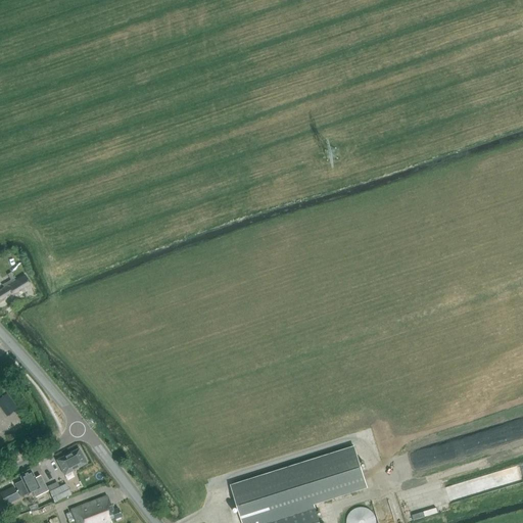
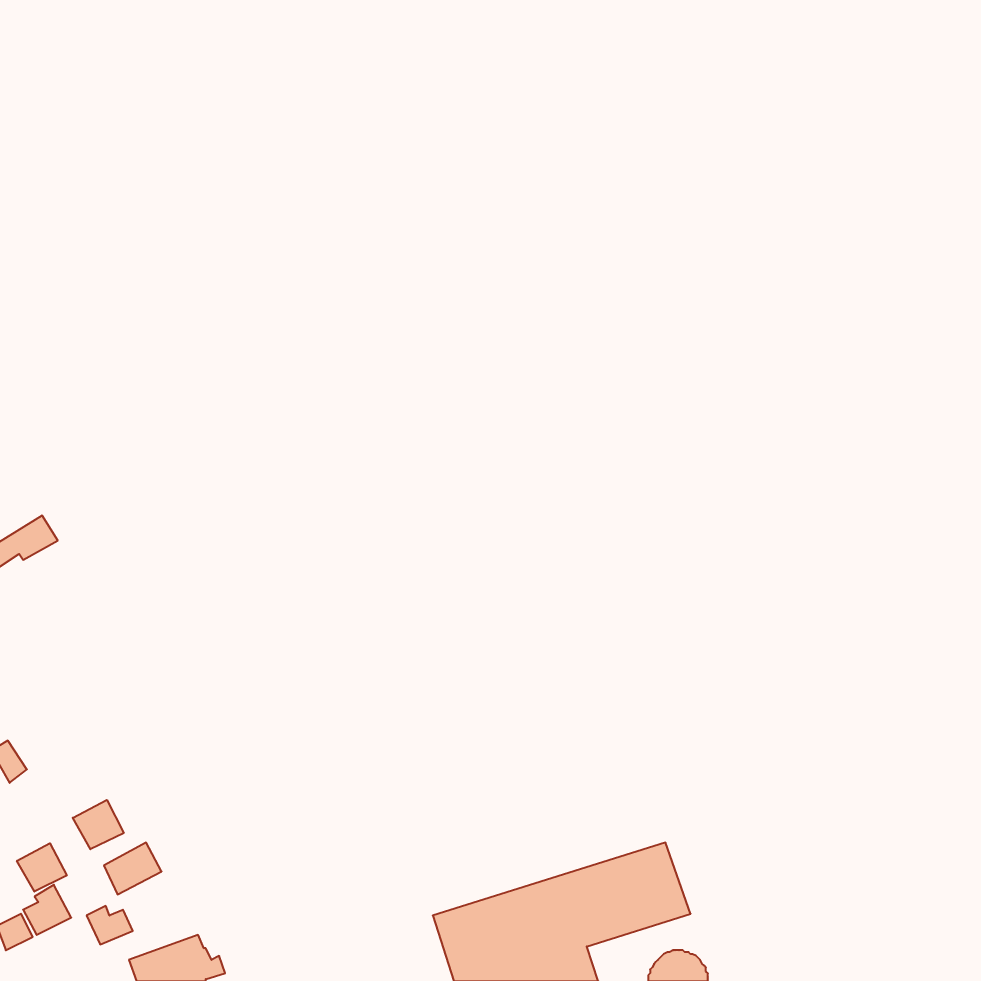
building: none -> [73,800,124,849]
building: none -> [17,843,67,892]

